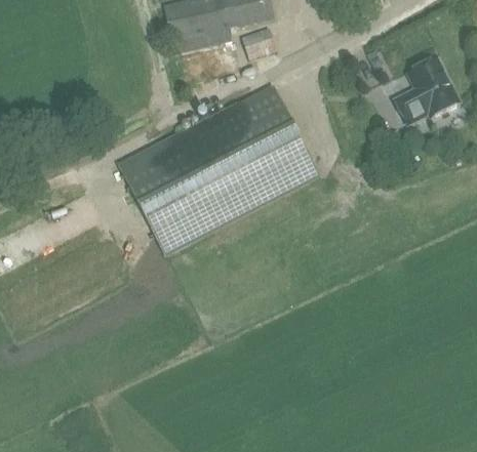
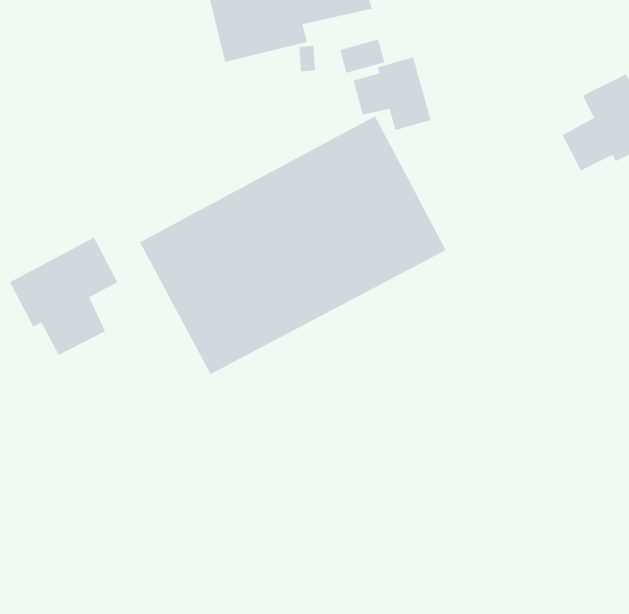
building: none -> [353,57,431,131]
building: none -> [9,237,118,356]

